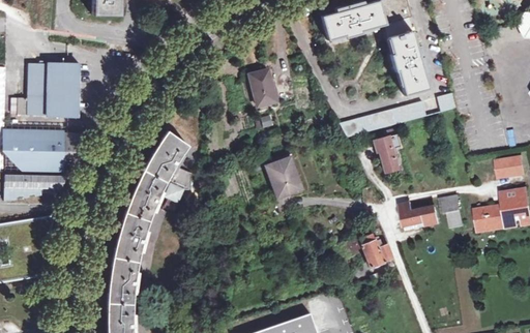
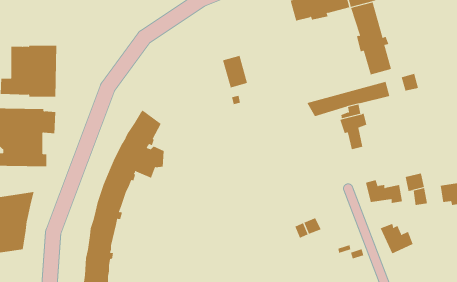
building: [266,156,301,195] -> none
building: [358,234,393,266] -> [380,223,414,254]

